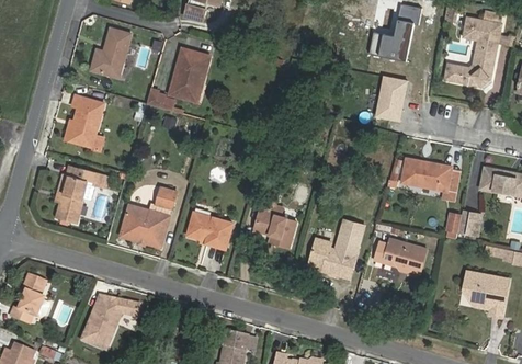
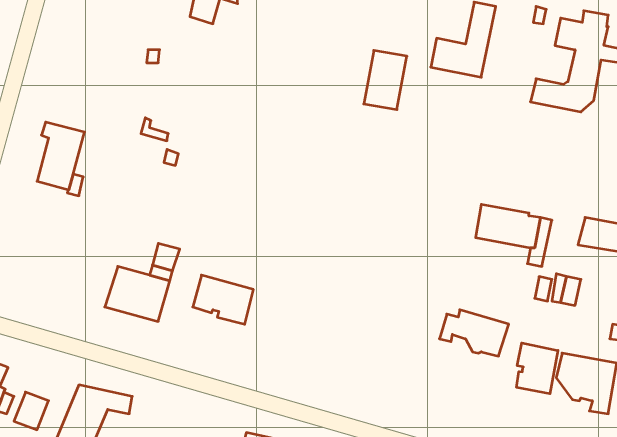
building: [90,27,131,78] -> none
building: [173,48,211,101] -> none
building: [375,76,408,121] -> [364,50,407,110]
building: [55,168,105,224] -> none
building: [253,192,296,248] -> none
building: [308,219,365,278] -> none
building: none -> [517,343,558,394]

